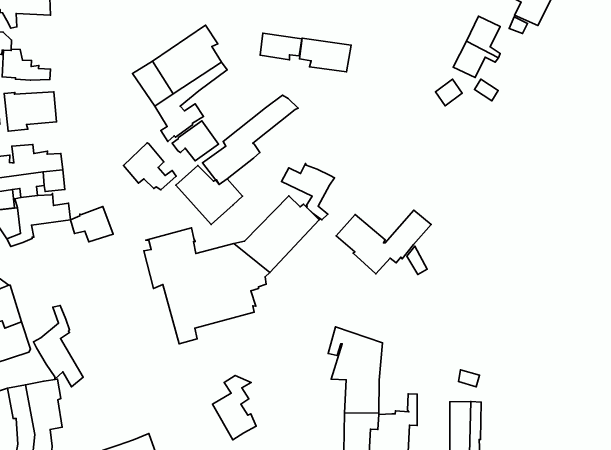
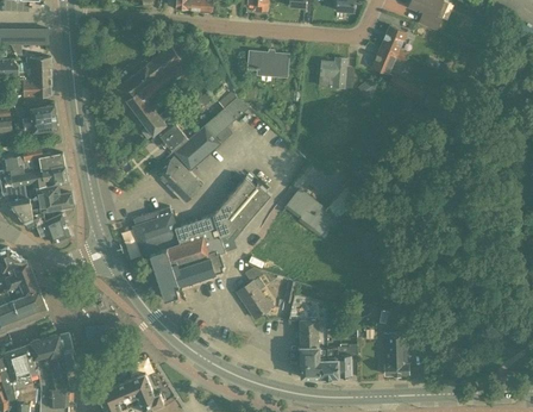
building: none -> [26,57,51,86]
building: [260,33,302,60] -> none
building: none -> [320,57,355,87]
building: [124,143,176,190] -> none
building: [282,163,335,220] -> none
building: [71,207,113,242] -> [37,213,71,242]
building: [33,305,83,387] -> none
building: [212,376,256,440] -> [237,267,272,318]

